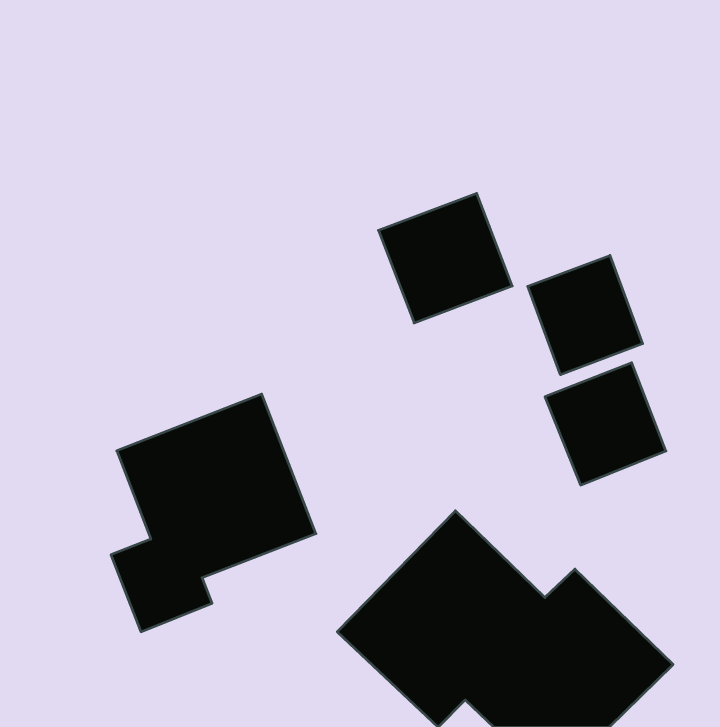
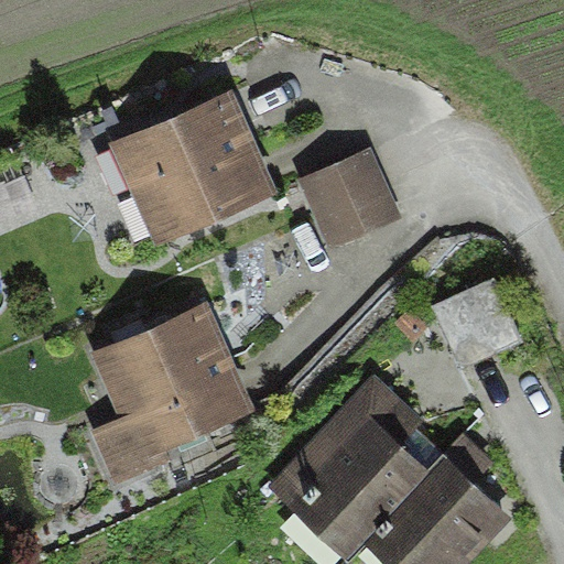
building: none -> [102,89,273,245]
building: [528,255,643,375] -> none

